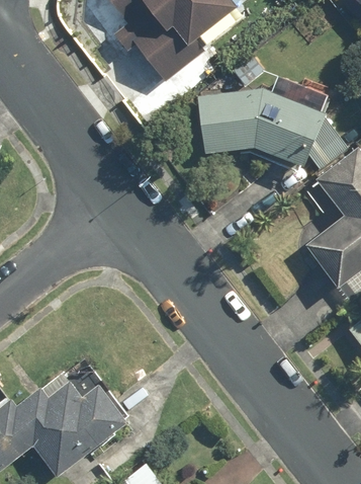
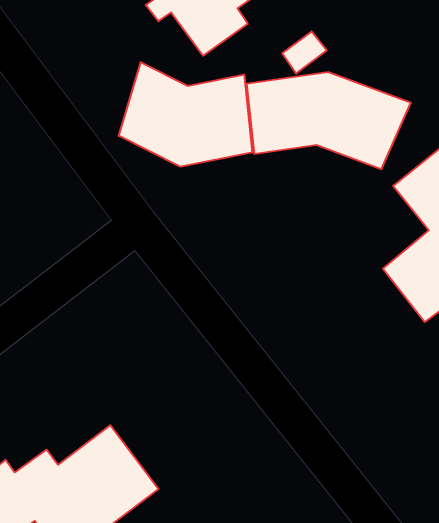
building: none -> [119,62,252,167]

